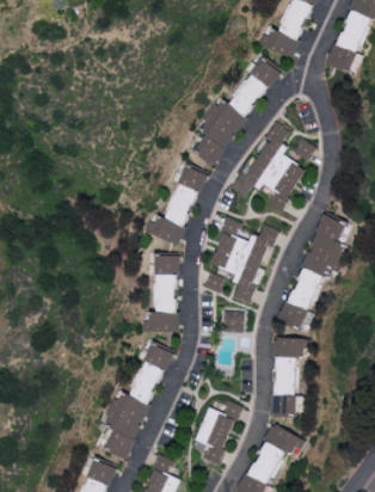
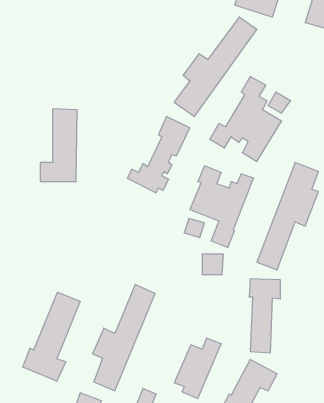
building: [141,256,180,333] -> [40,109,77,182]
building: none -> [23,292,80,381]

